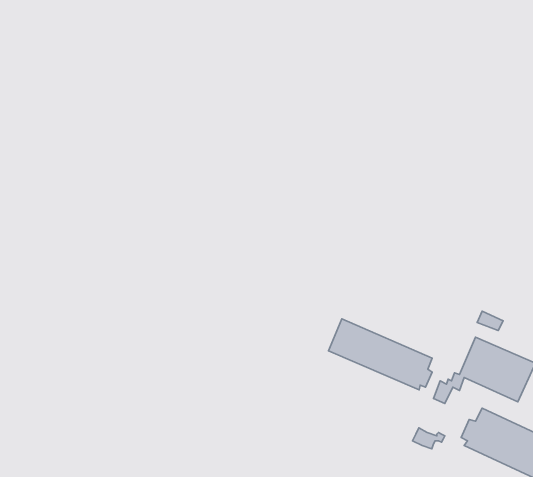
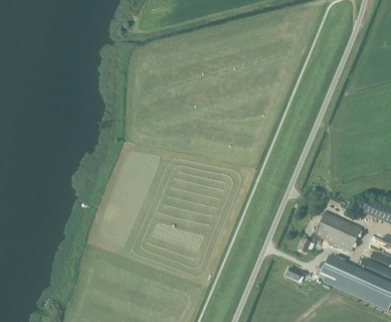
building: [329,319,432,390] -> none

